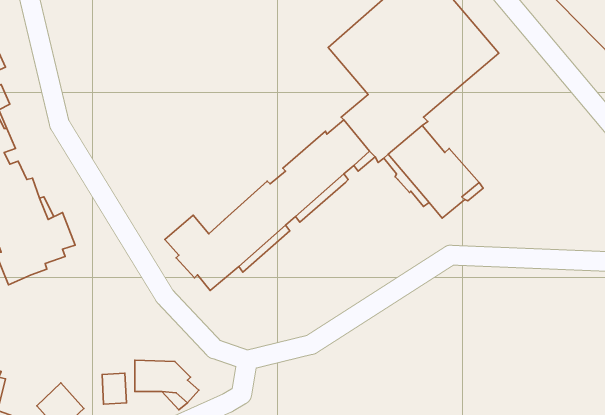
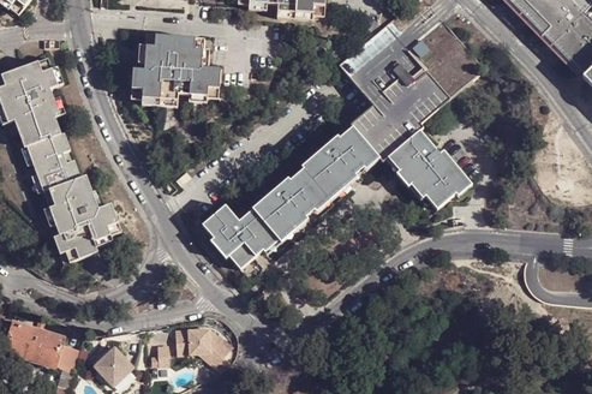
building: none -> [128,30,219,103]

